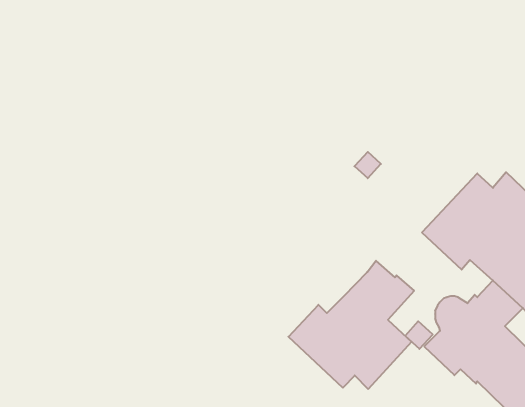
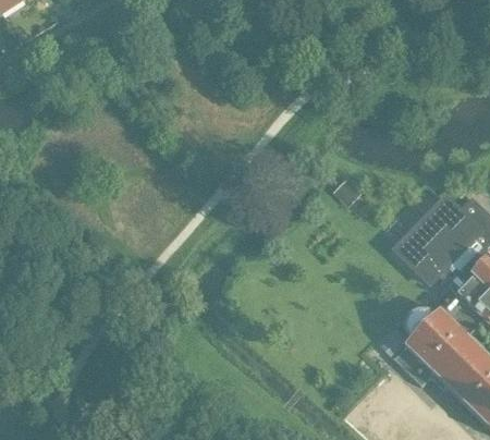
building: [288,261,414,389] -> none

